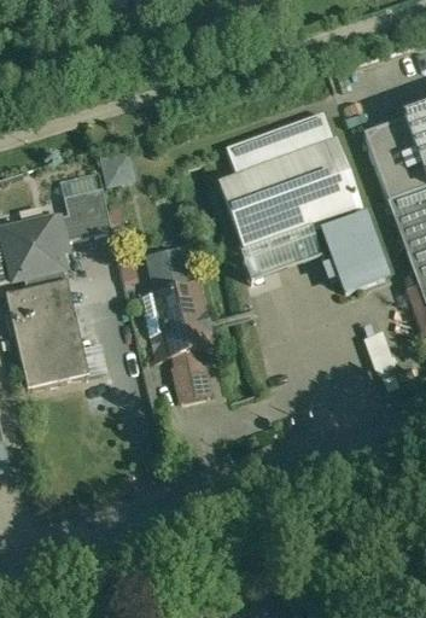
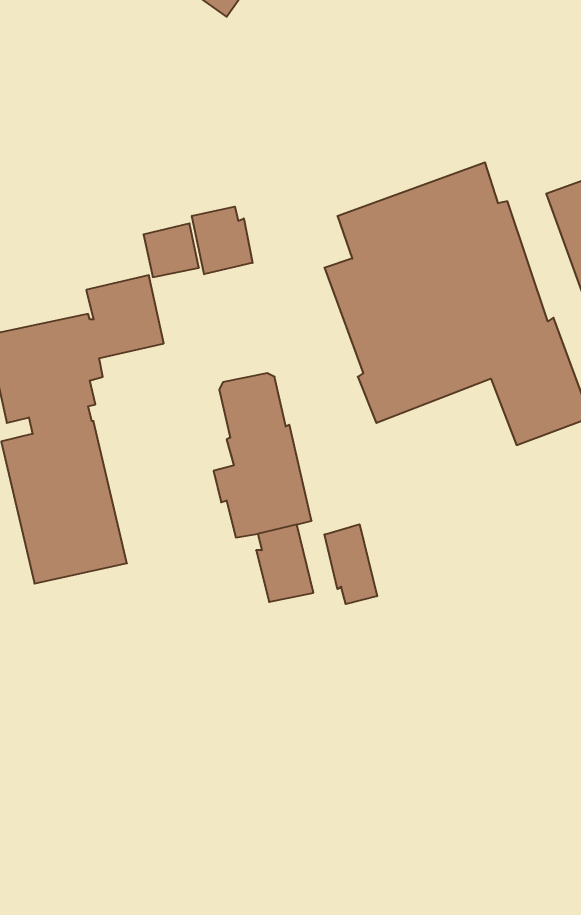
building: none -> [192,207,253,274]
building: none -> [324,524,377,604]

